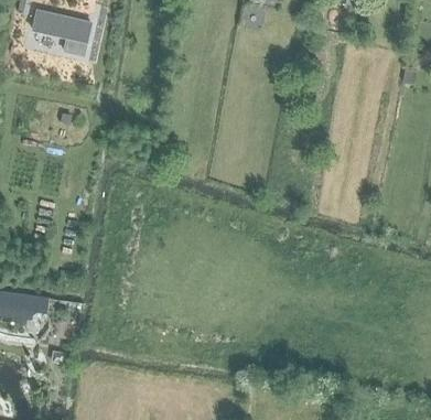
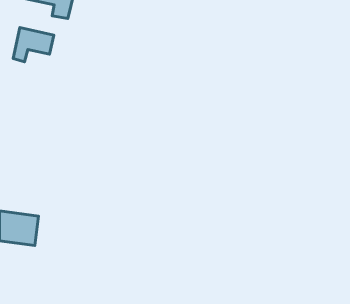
building: none -> [13,28,54,62]

